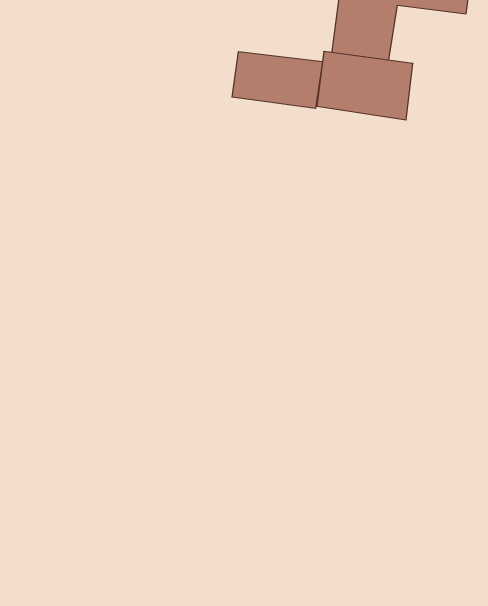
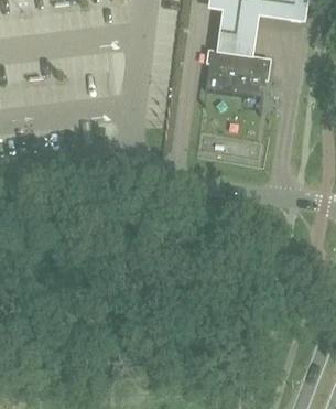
building: [232,52,323,108] -> none

